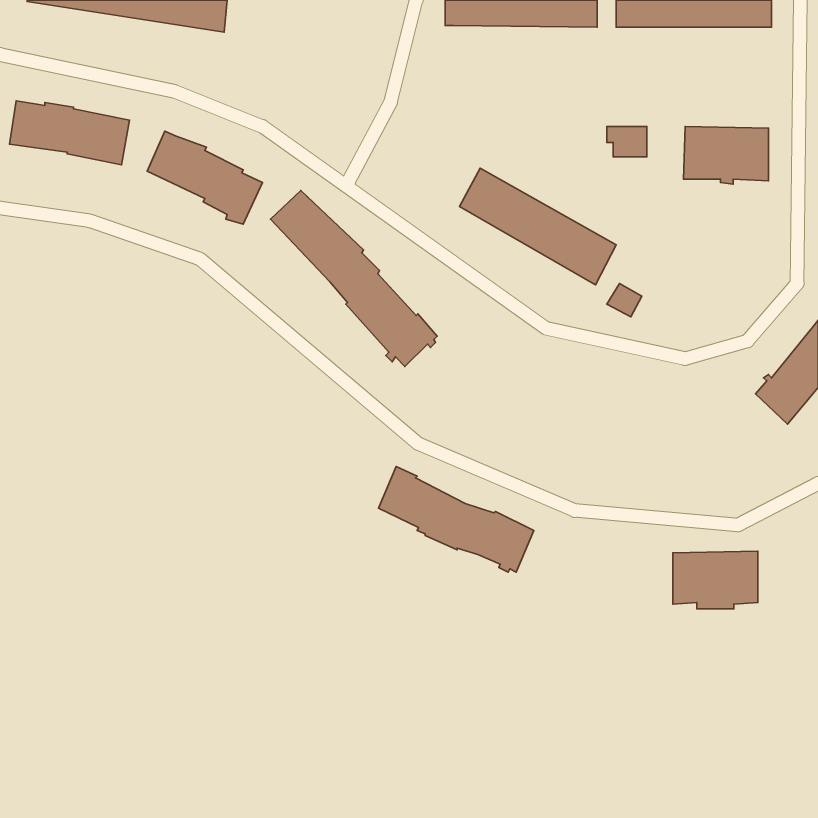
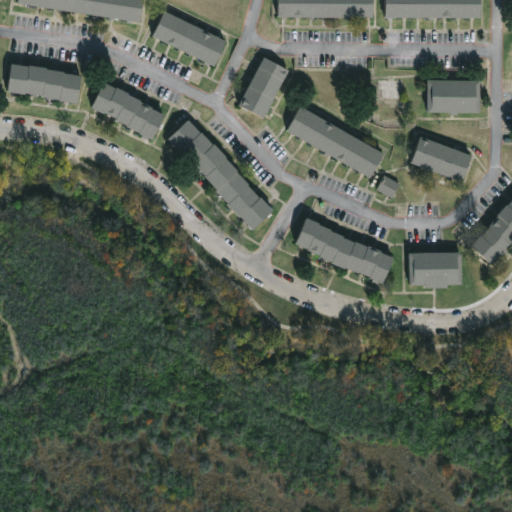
building: none -> [152,10,225,65]
building: none -> [238,56,289,118]
building: none -> [412,136,472,180]
building: [379,467,534,572] -> [296,217,393,283]
building: [673,551,758,609] -> [409,252,462,288]

